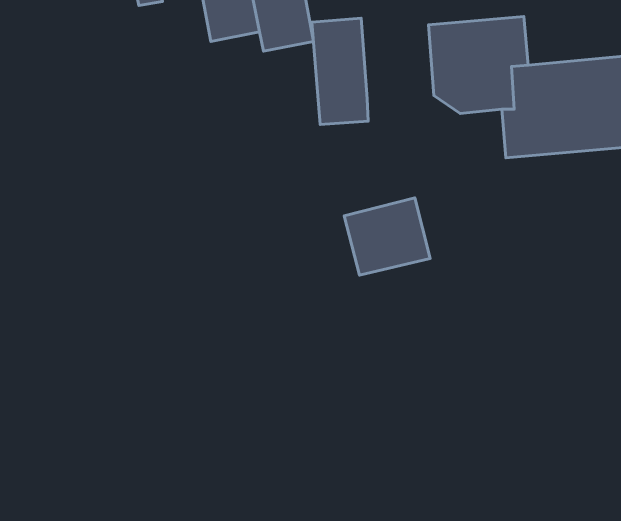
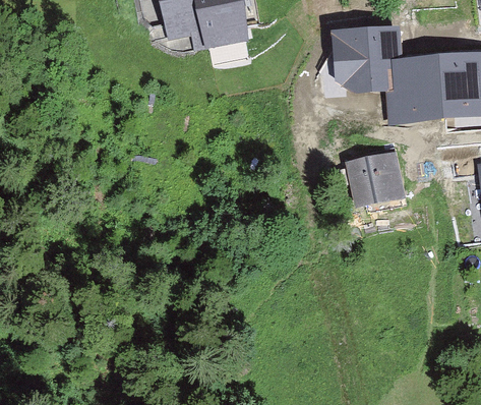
building: [312,18,368,125] -> none
building: [344,198,430,275] -> [342,151,405,208]

